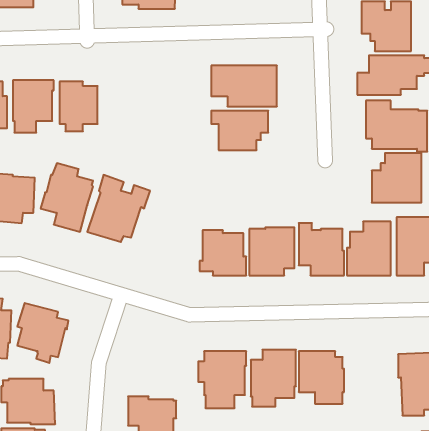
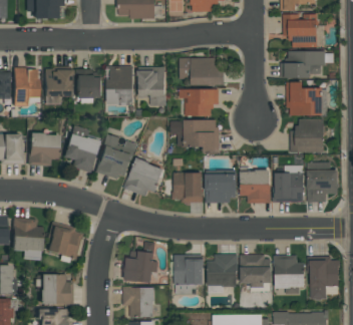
building: none -> [106,66,132,106]
building: none -> [137,67,165,105]
building: none -> [170,119,219,153]
building: none -> [123,157,163,197]
building: none -> [124,242,158,283]
building: none -> [274,255,304,294]

